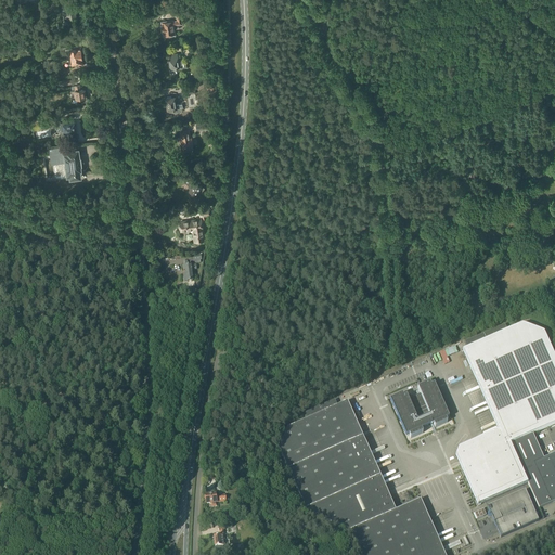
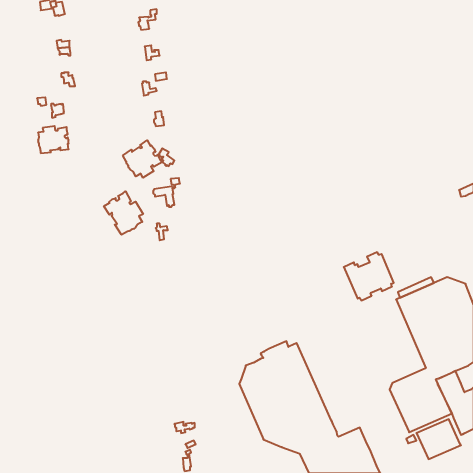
building: none -> [123,140,162,178]
building: none -> [104,191,143,235]
building: [391,382,450,438] -> [344,252,394,300]

